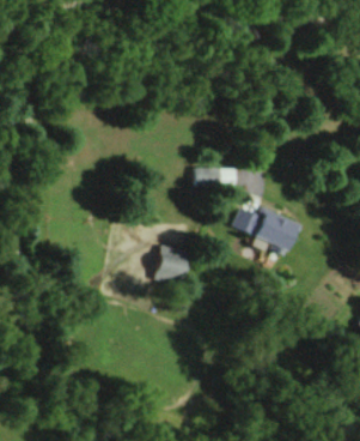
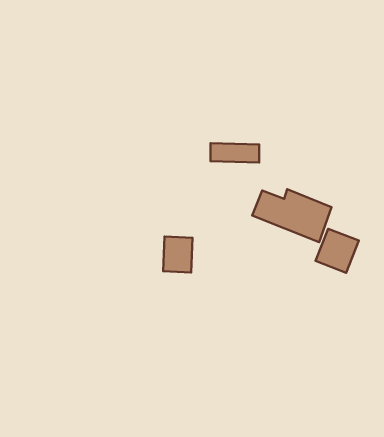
building: none -> [315,229,359,273]

